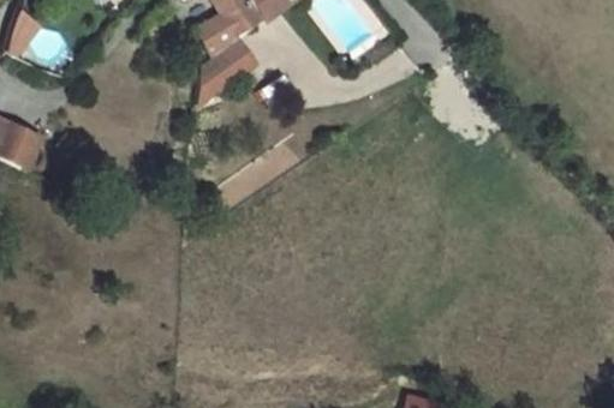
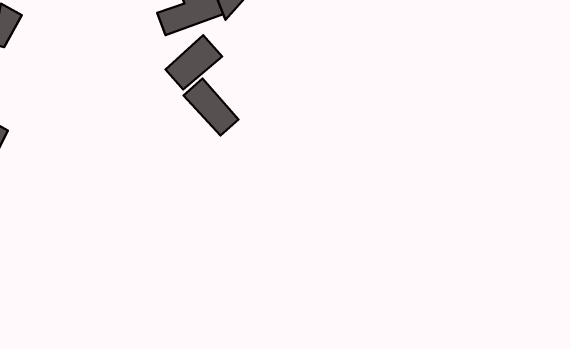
building: none -> [183,78,238,136]

